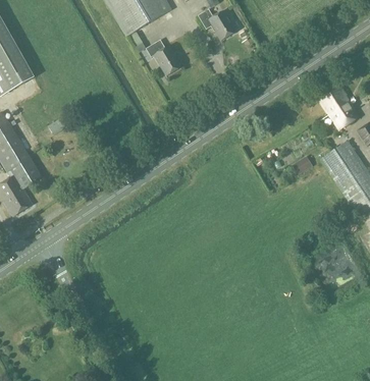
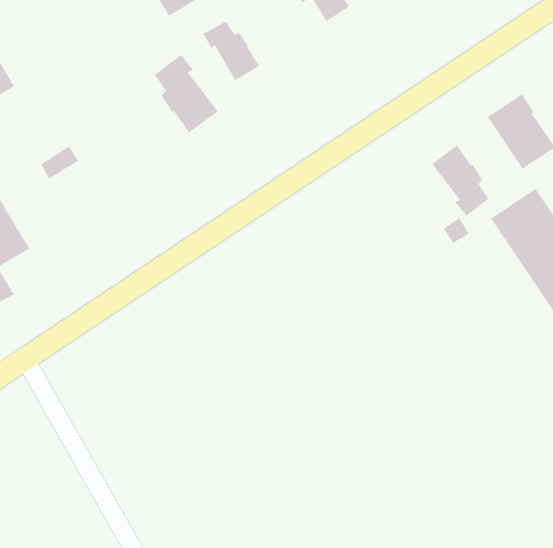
building: none -> [154,54,219,134]
building: none -> [431,145,490,217]

